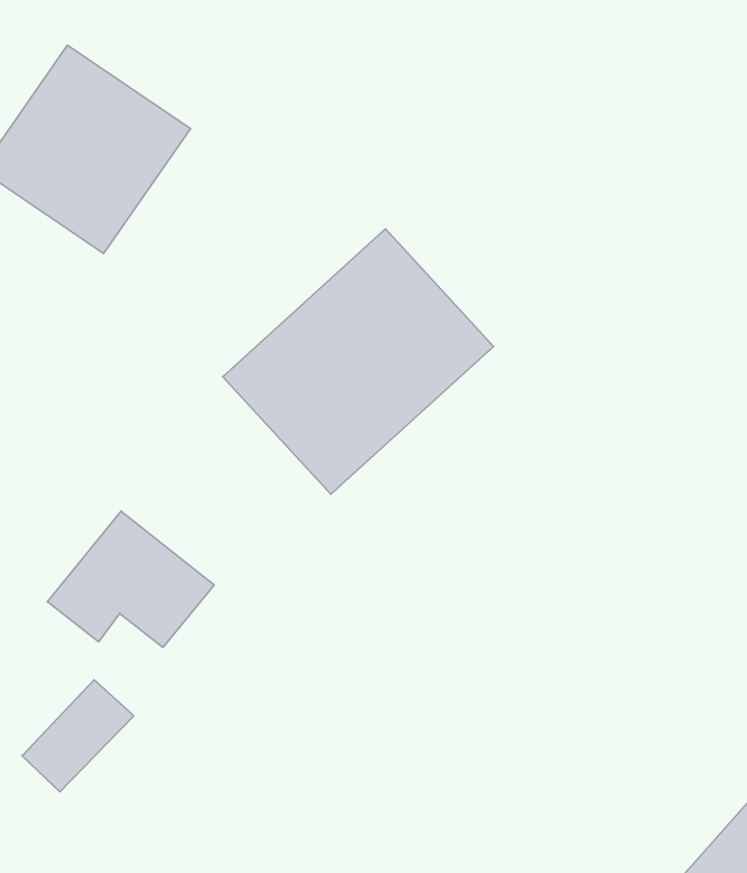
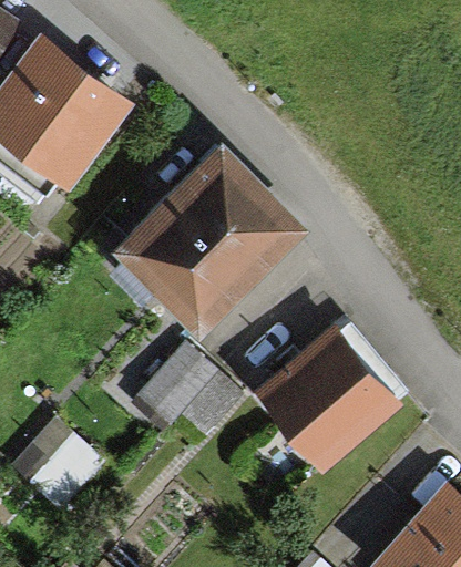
building: [47,511,214,647] -> [145,343,243,423]
building: none -> [260,337,393,468]

